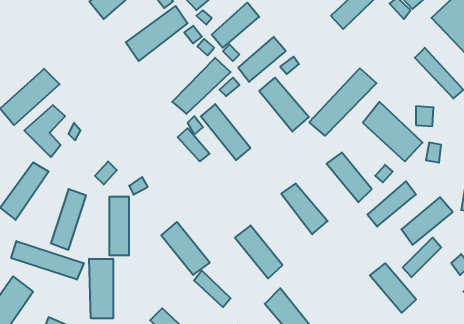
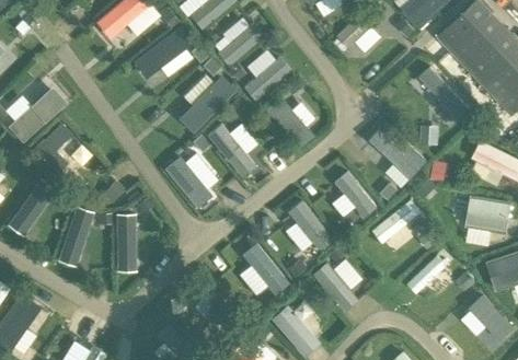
building: [309,68,377,136] -> none
building: [401,197,453,245] -> none
building: [161,222,210,275] -> [164,156,212,209]
building: [11,241,84,280] -> none
building: [89,259,113,318] -> none
building: [370,263,416,313] -> [311,264,357,313]

